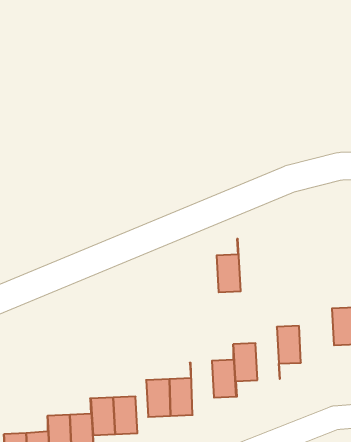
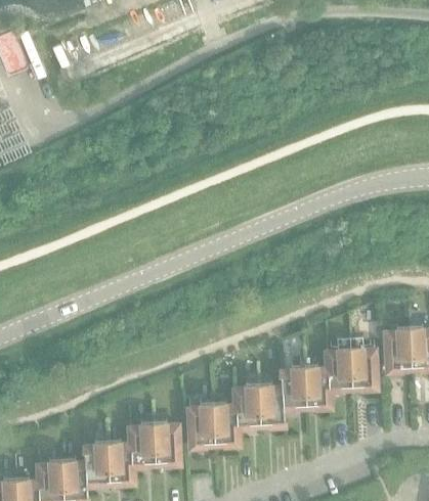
building: [217,239,241,292] -> [303,350,329,406]
building: none -> [349,348,375,388]
building: none -> [234,385,259,443]

